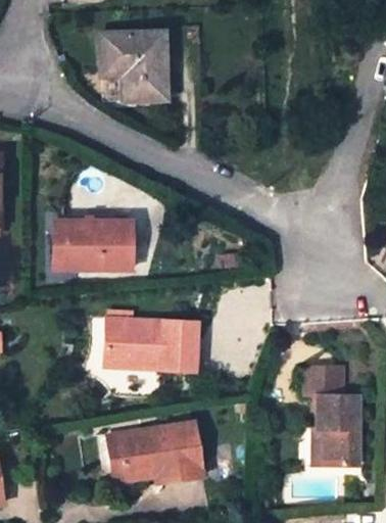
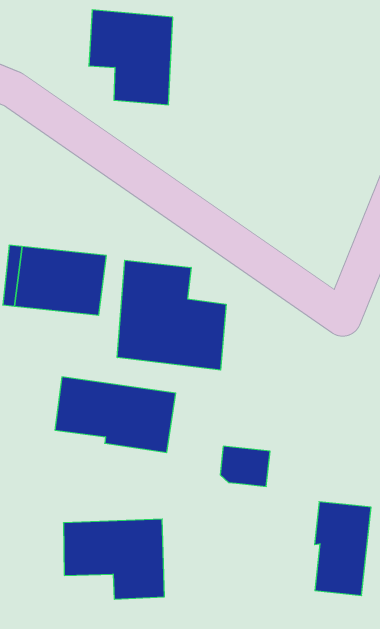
building: none -> [117,260,226,370]
building: [304,368,341,395] -> [220,446,270,486]
building: [108,433,166,489] -> none

